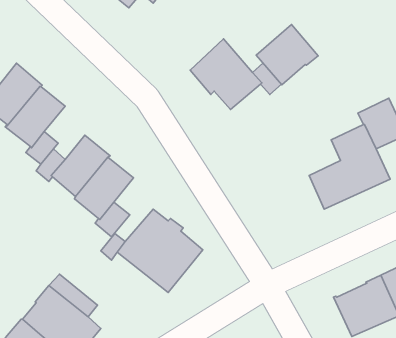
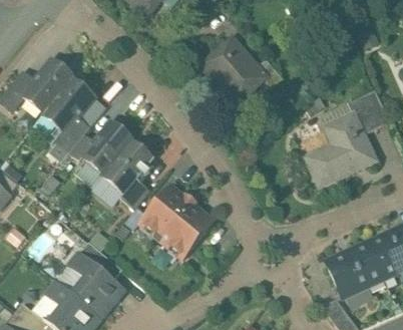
building: [256,24,318,85] -> none

